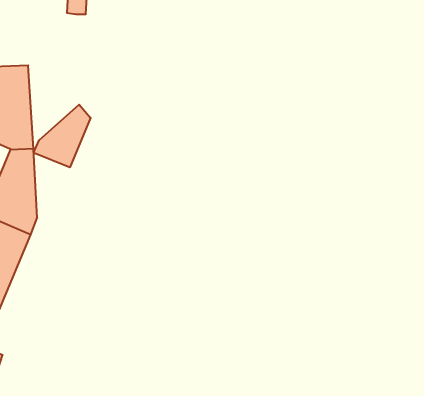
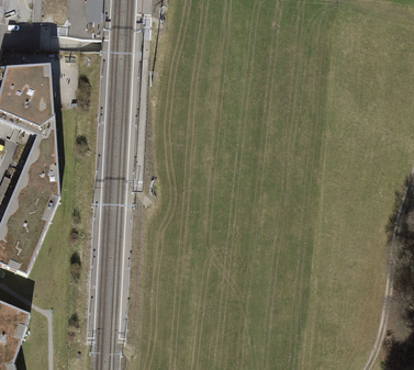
building: [34,105,91,167] -> none

